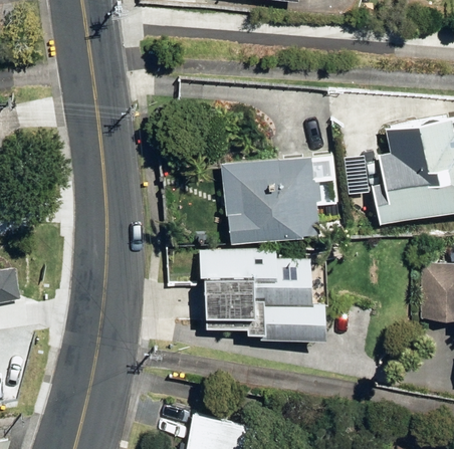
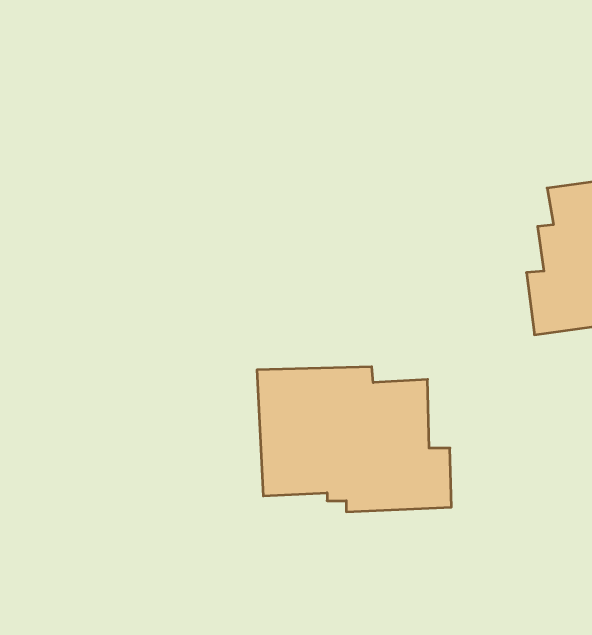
building: [221,154,321,243] -> none

